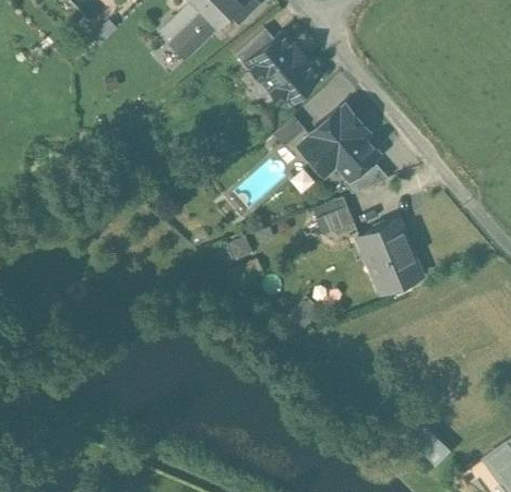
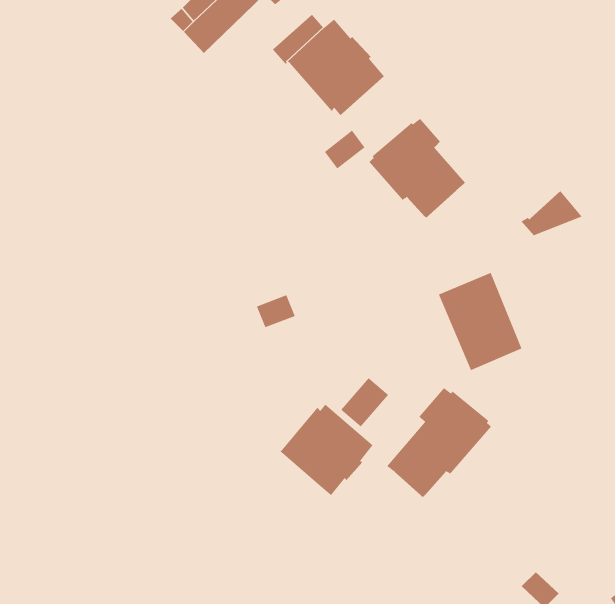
building: [342,159,388,193] -> [521,190,583,236]
building: [314,205,353,235] -> none
building: none -> [386,387,492,498]
building: none -> [280,403,374,496]

